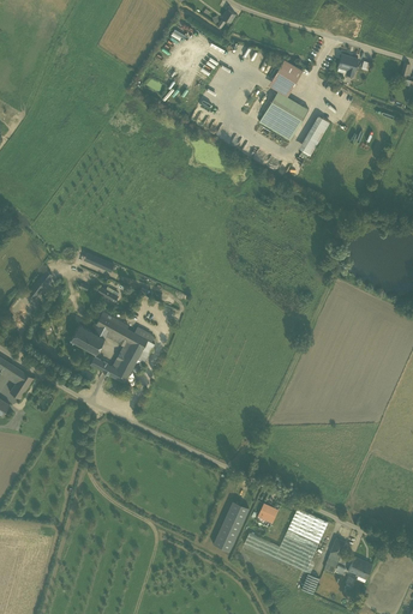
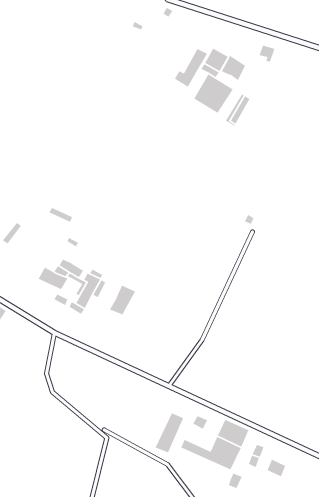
building: none -> [174,48,208,88]
building: none -> [221,55,246,81]
building: none -> [109,284,136,316]

